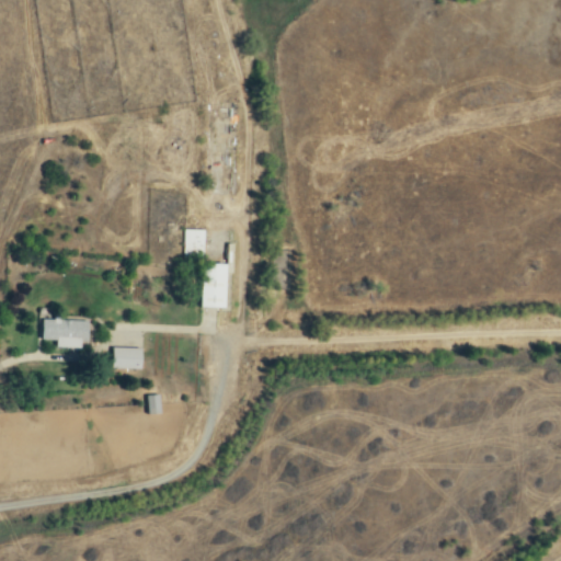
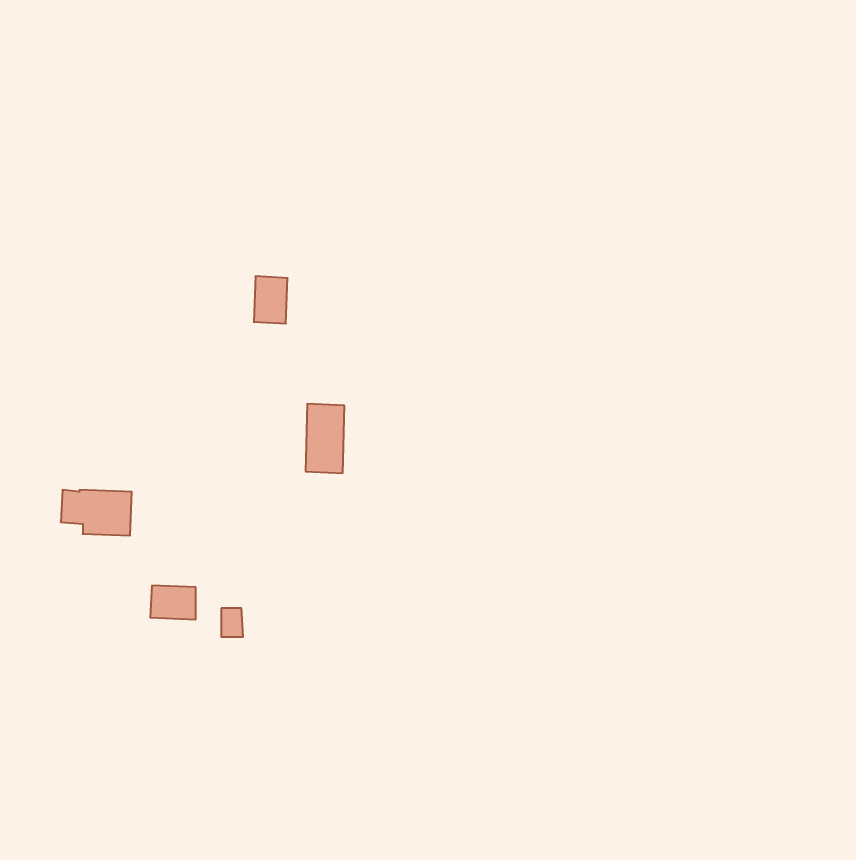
building: [185,228,207,259] -> [254,276,288,324]
building: [114,346,144,368] -> [150,586,196,619]

